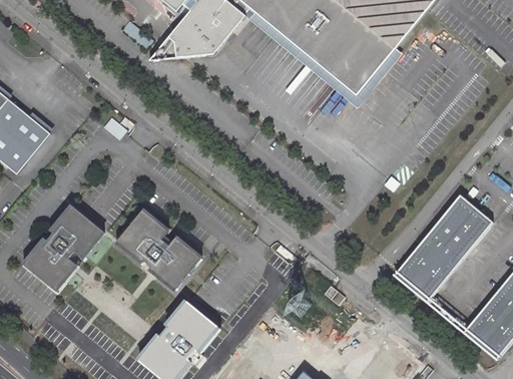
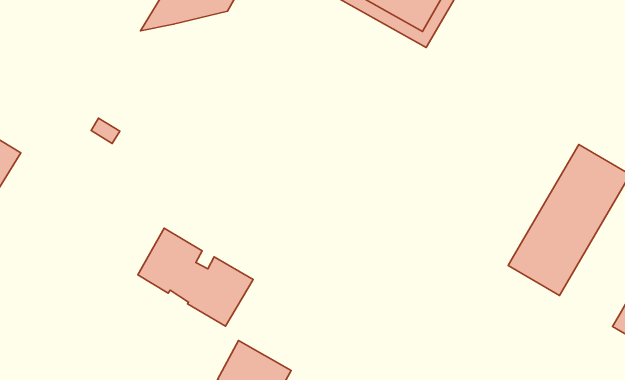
building: [21,203,104,290] -> none

